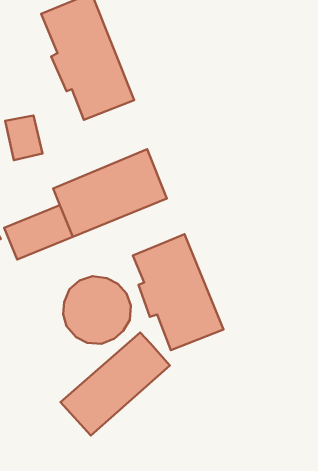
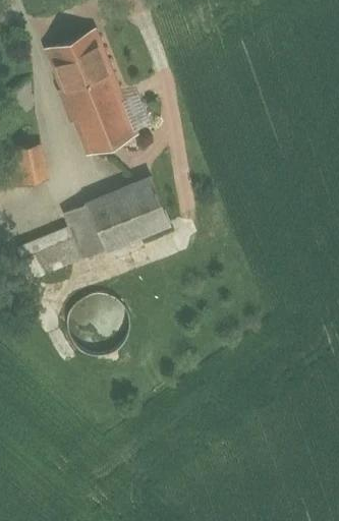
building: [133,234,223,350] -> none
building: [61,332,170,436] -> none

